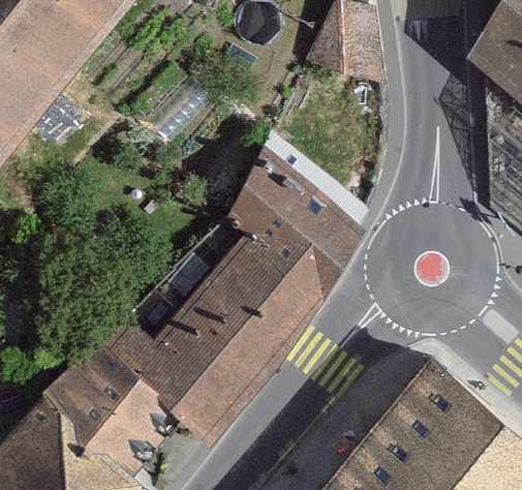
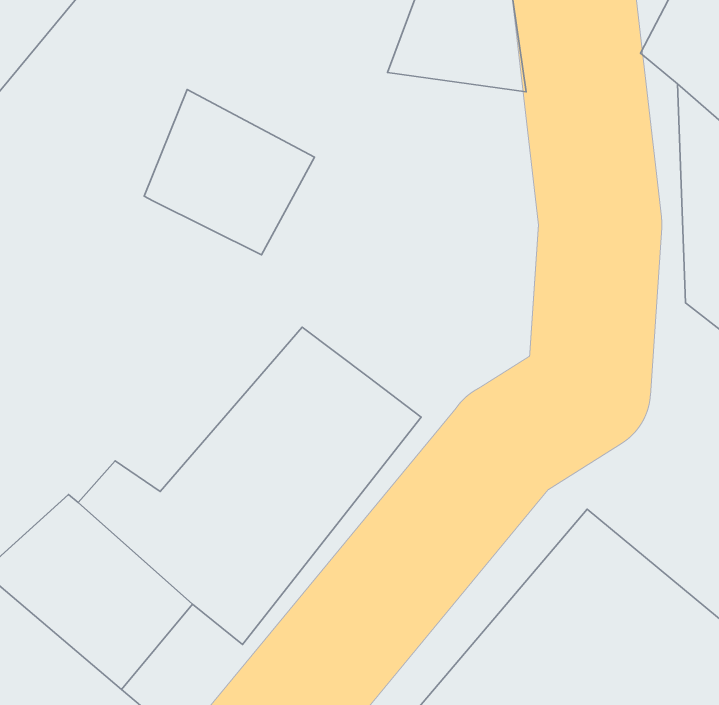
building: none -> [144,90,314,255]
building: [225,139,376,298] -> none

